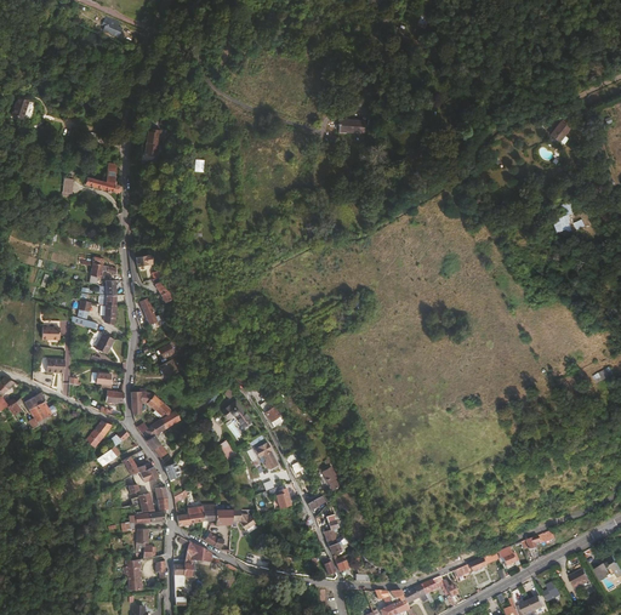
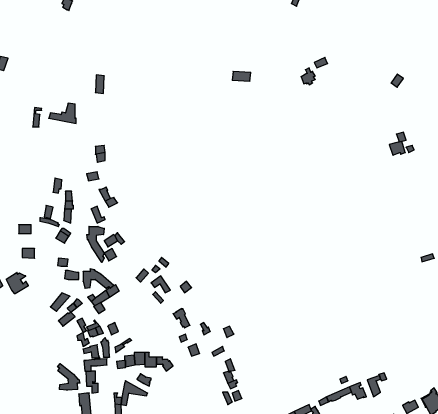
building: none -> [87,226,104,262]
building: none -> [58,364,80,390]

